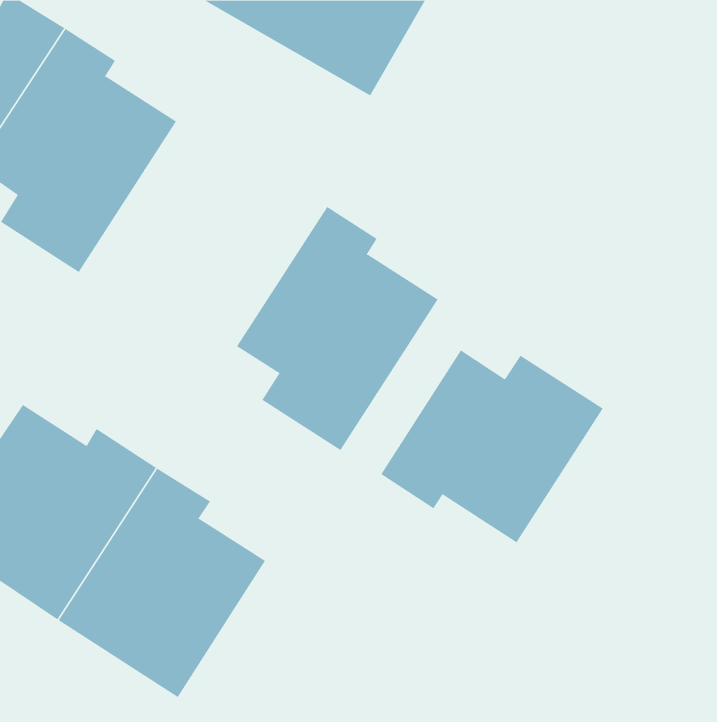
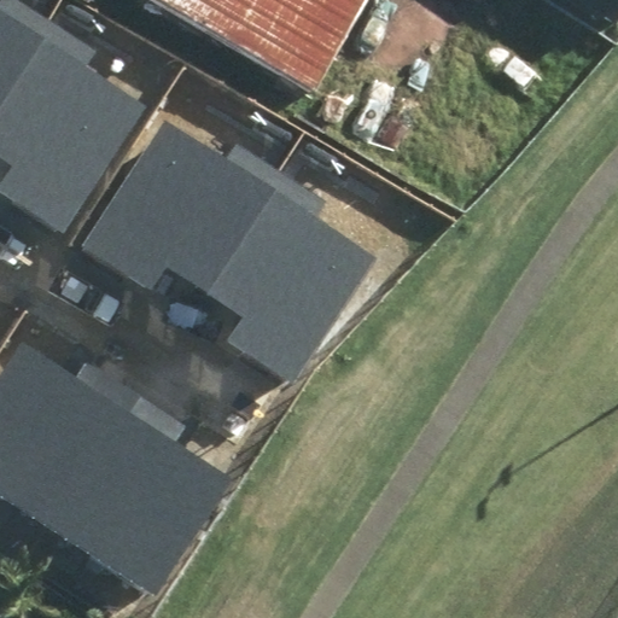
building: none -> [78,122,279,296]
building: [380,350,603,543] -> none

